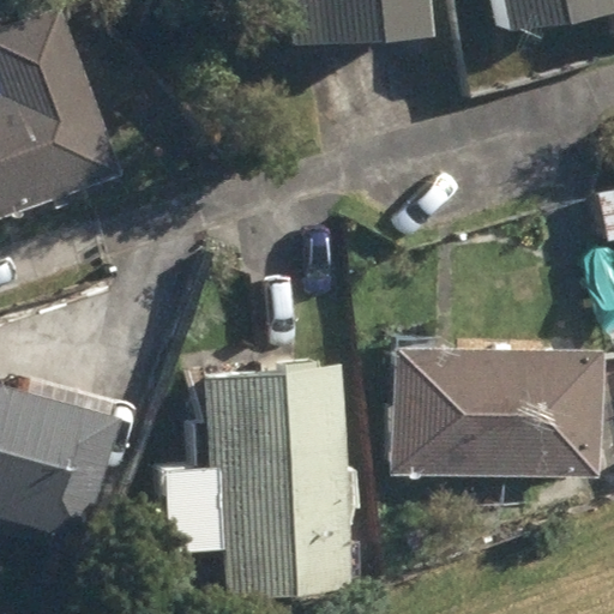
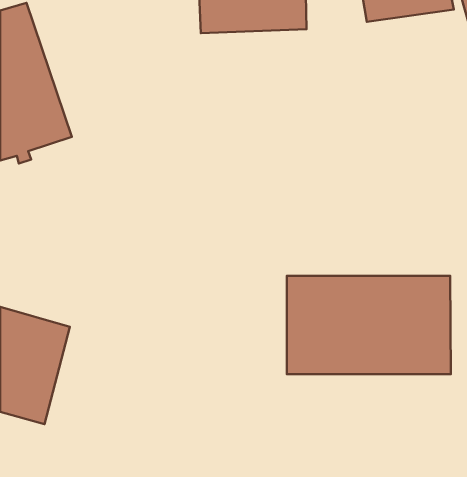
building: [183,365,347,601] -> none

